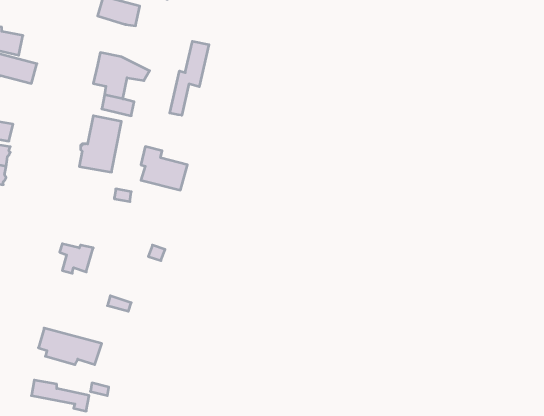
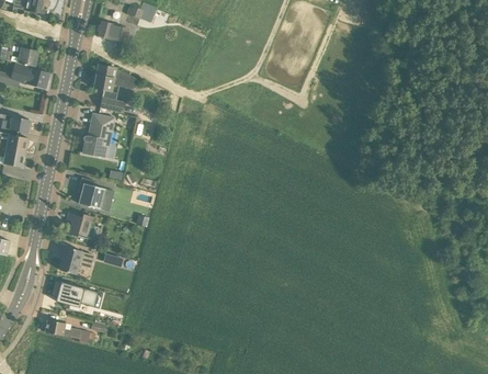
building: [170,41,209,115] -> none
building: [141,147,187,190] -> [77,177,113,211]
building: none -> [58,245,92,272]

